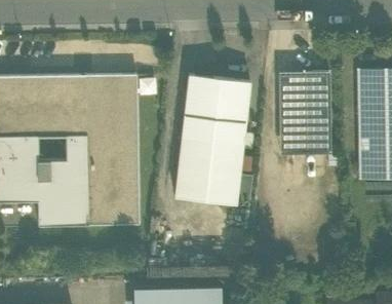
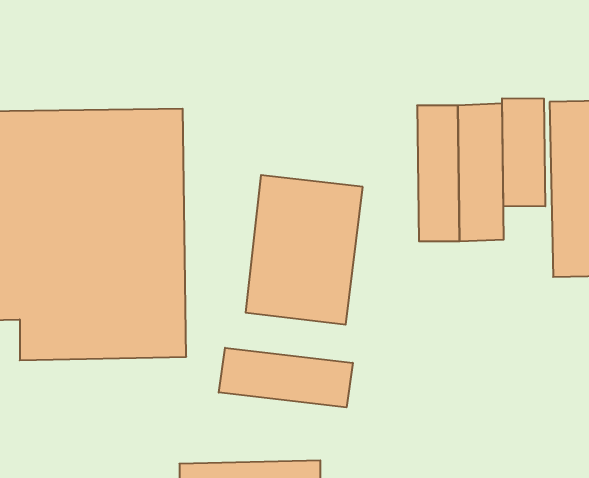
building: none -> [502,98,545,206]
building: [185,74,250,121] -> none
building: none -> [219,348,353,407]

